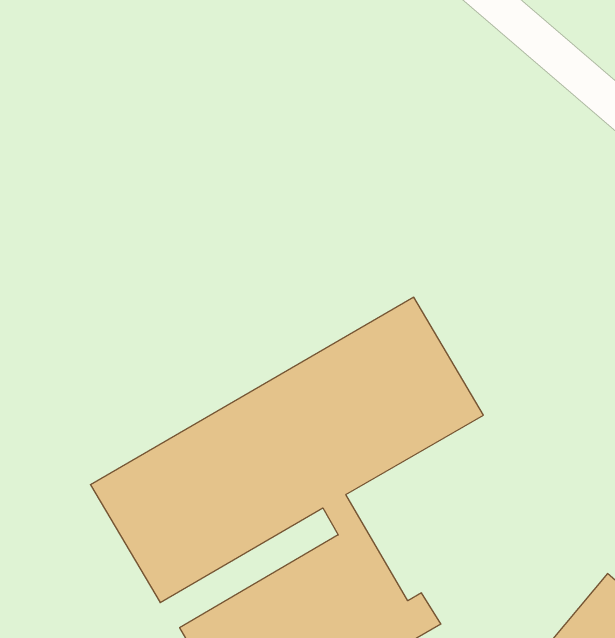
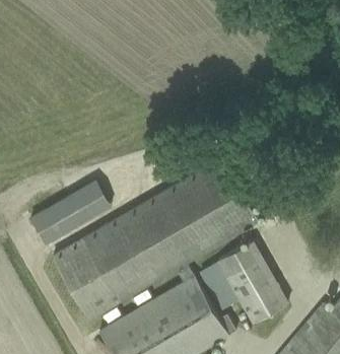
building: none -> [31,178,116,244]
building: none -> [198,240,287,324]

